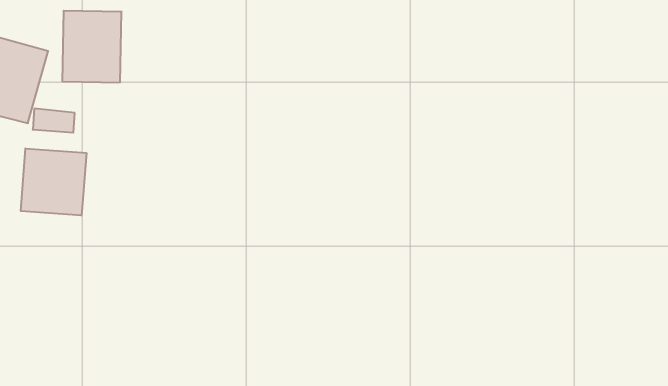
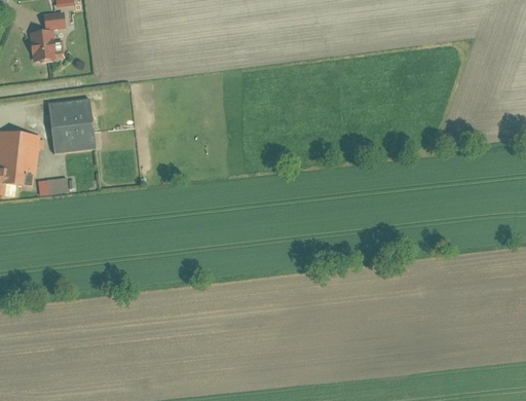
building: [21,148,86,216] -> none

